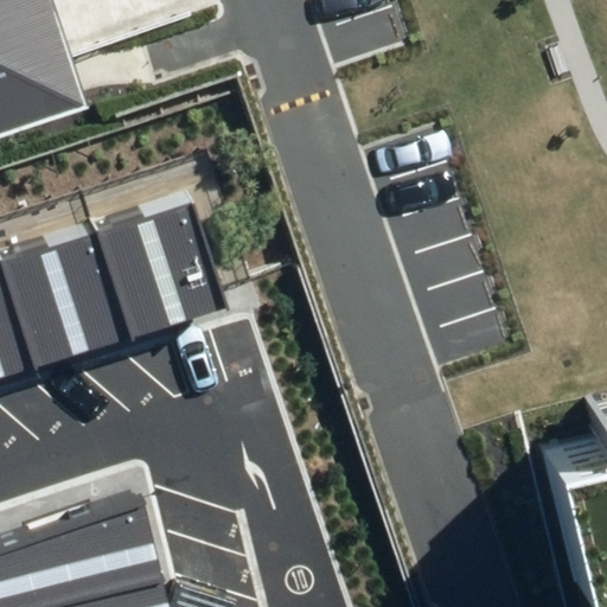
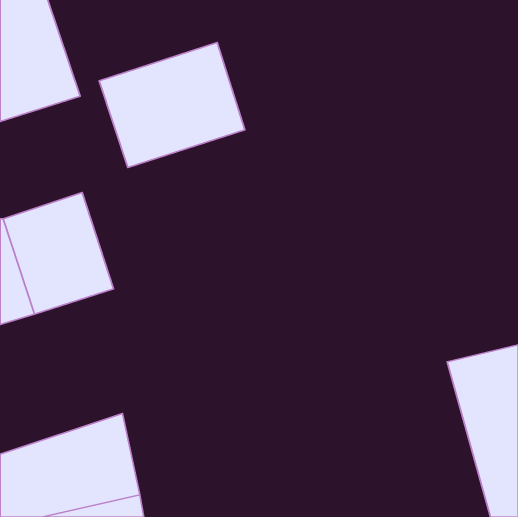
building: none -> [99,42,245,168]
building: [96,196,225,338] -> none

